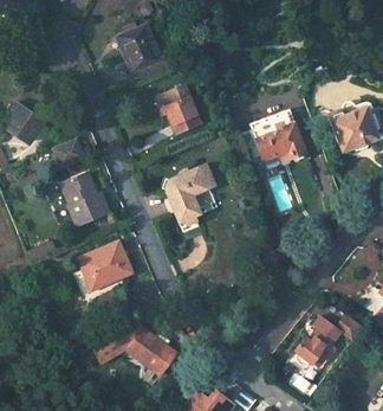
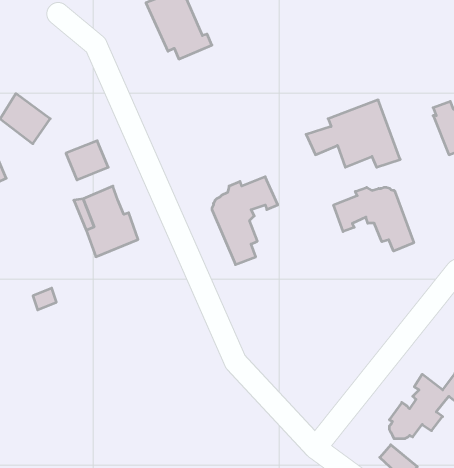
building: [160,84,199,133] -> none
building: none -> [334,187,414,251]
building: [79,242,134,289] -> none
building: [92,320,177,374] -> none

